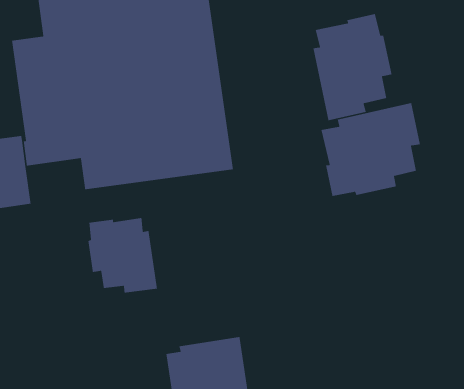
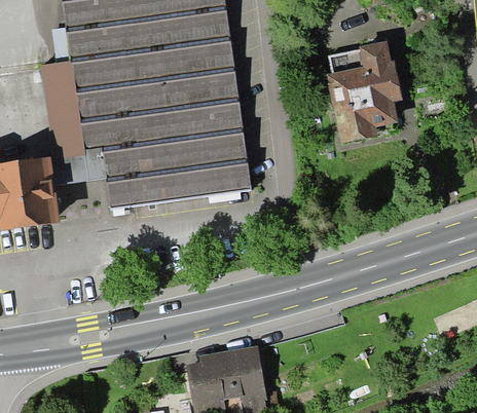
building: [321,102,421,197] -> none
building: [88,217,158,294] -> none

